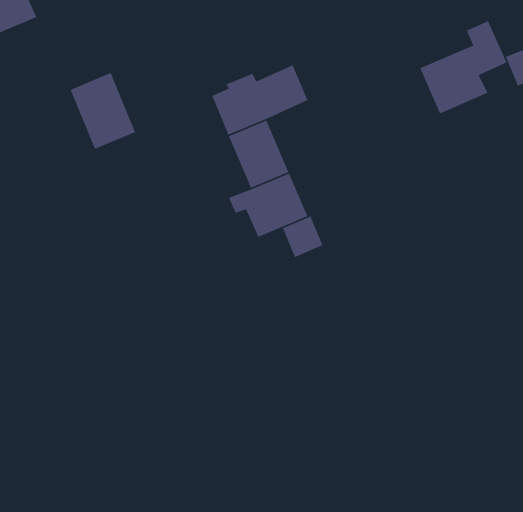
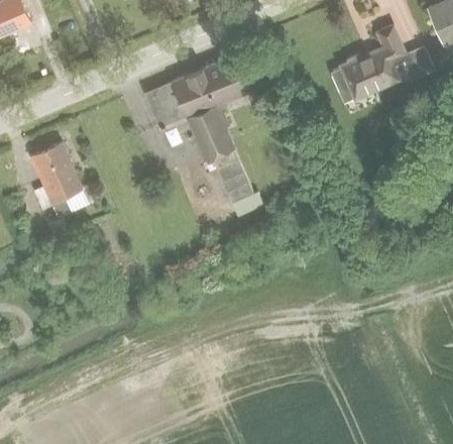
building: [69,72,136,150] -> [28,138,82,201]
building: none -> [145,80,185,126]

